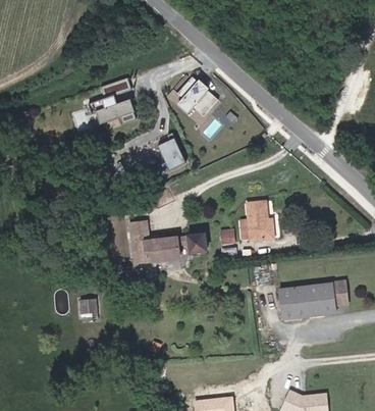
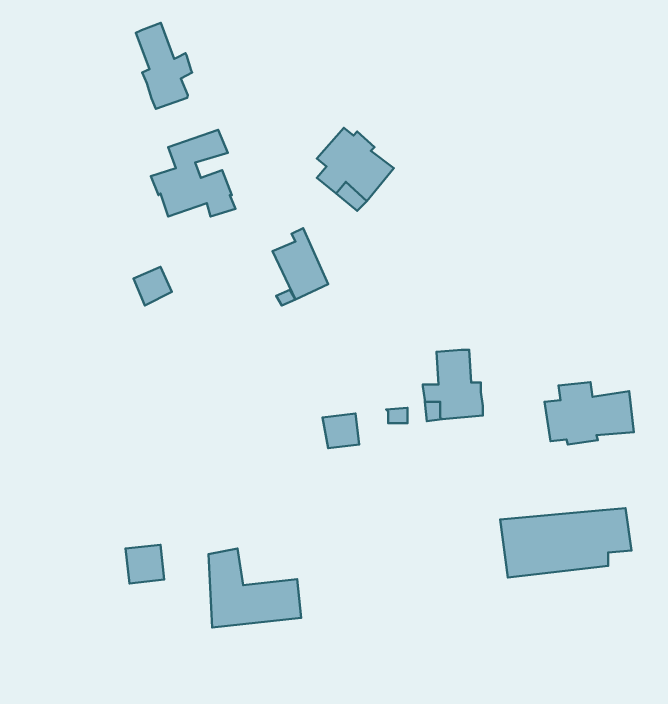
building: none -> [136,23,192,109]
building: none -> [544,382,634,445]
building: [128,218,177,260] -> [208,548,301,628]

